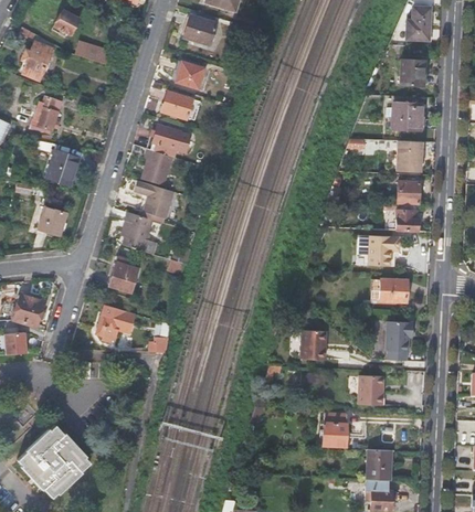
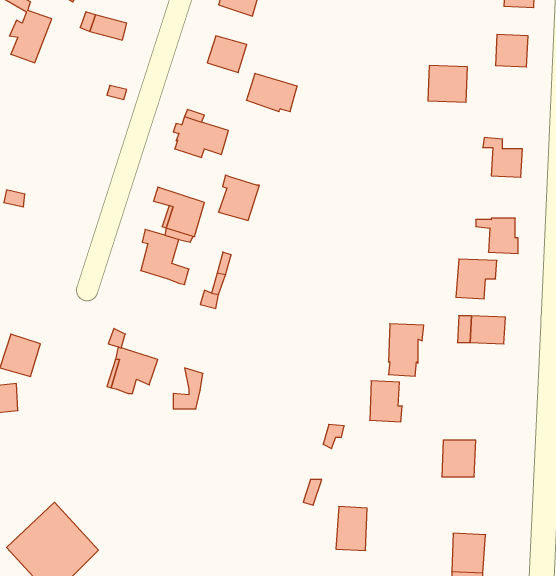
building: [161,90,201,120] -> [246,73,297,112]
building: [30,96,62,134] -> none
building: [391,102,422,130] -> [428,66,467,102]
building: [140,148,172,183] -> [218,175,259,221]
building: [45,150,80,185] -> none
building: [397,181,420,203] -> none
building: [38,206,67,237] -> none
building: [108,255,138,292] -> none
building: [386,321,413,362] -> [388,324,424,376]
building: [323,412,347,446] -> [336,507,367,550]

